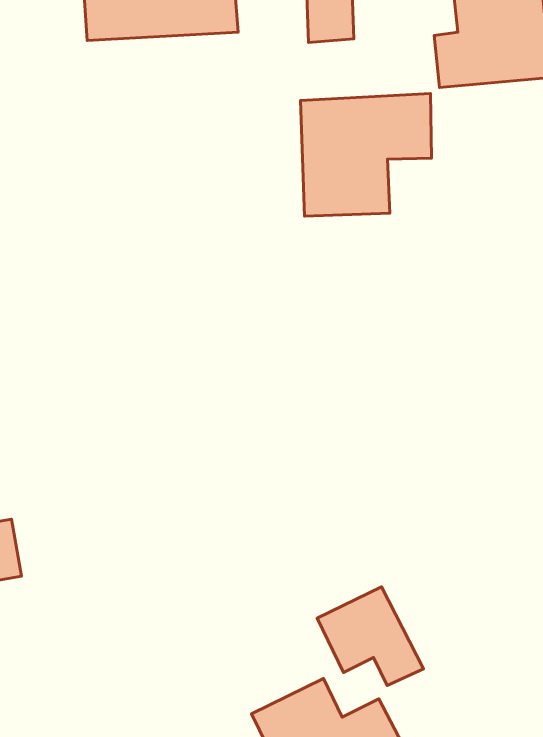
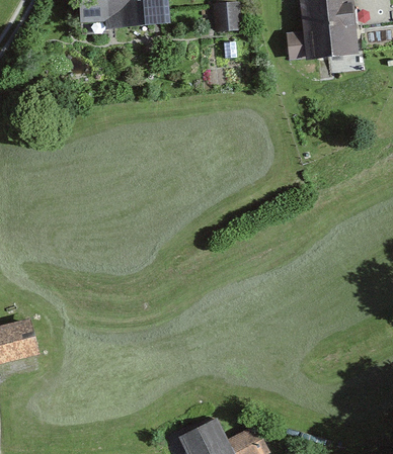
building: [301,94,431,216] -> none
building: [317,587,423,686] -> none

